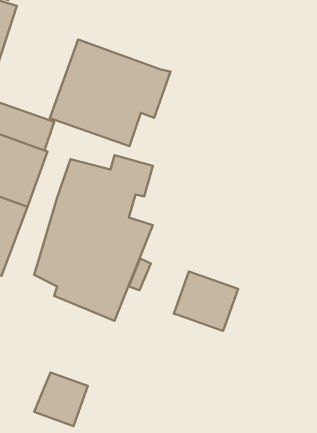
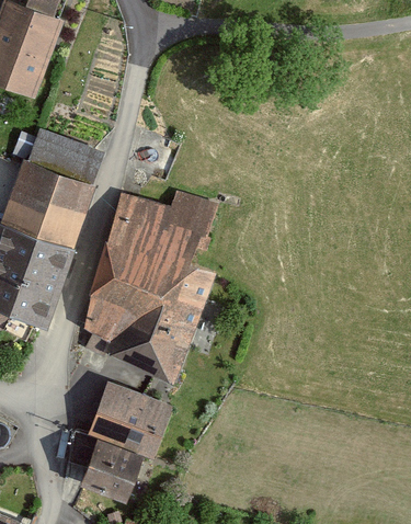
building: [50,39,170,146] -> none
building: [174,271,238,331] -> none
building: none -> [87,386,172,460]

